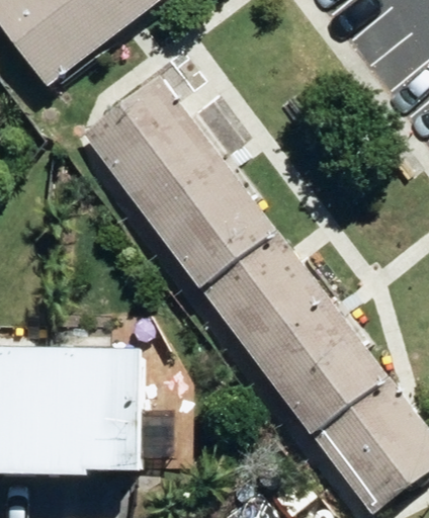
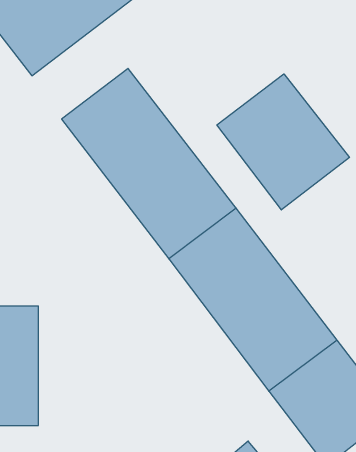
building: none -> [217,74,349,210]
building: [57,338,158,469] -> none

